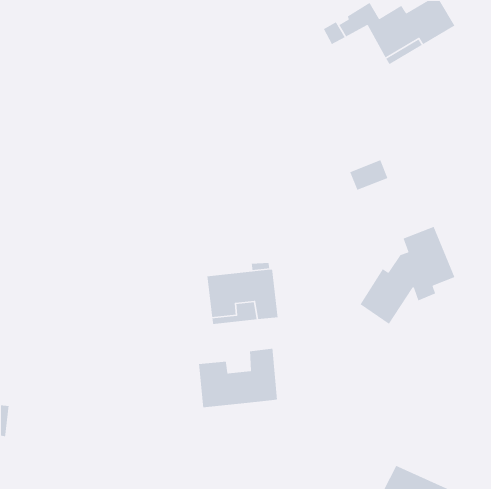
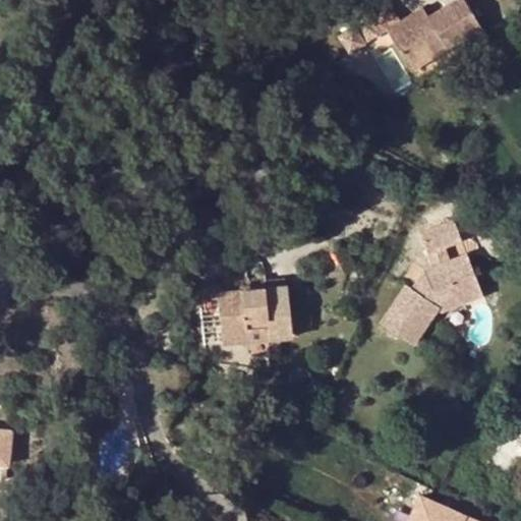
building: [349,159,389,191] -> [418,221,460,254]
building: [198,348,278,408] -> none

